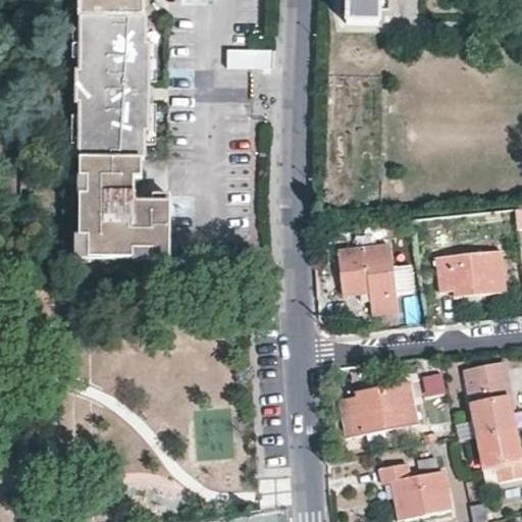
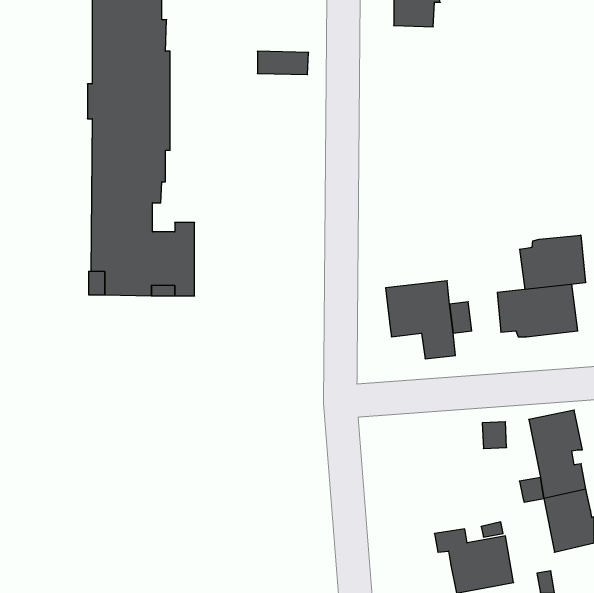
building: none -> [520,235,585,289]
building: [340,380,417,438] -> none

